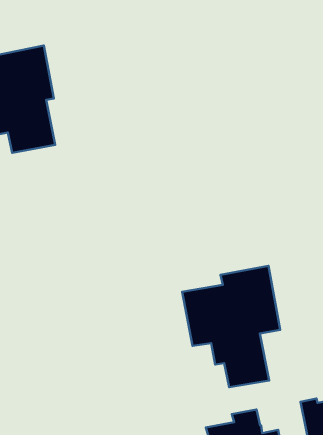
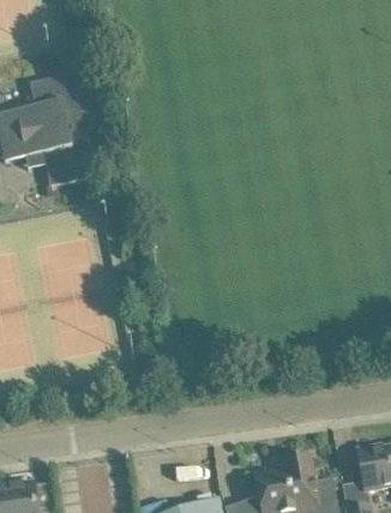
building: [182,266,280,387] -> none

